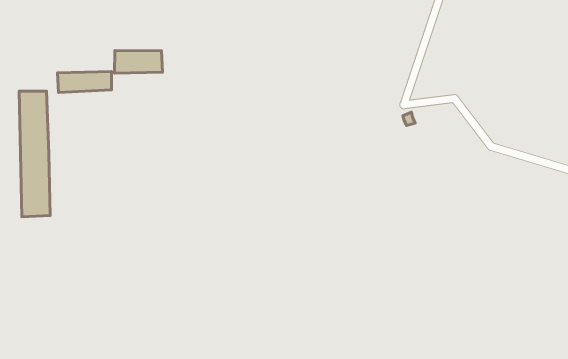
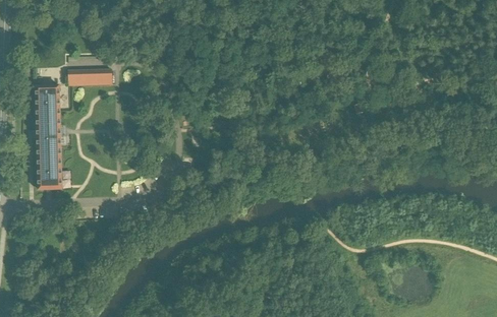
building: [115,50,162,73] -> none

